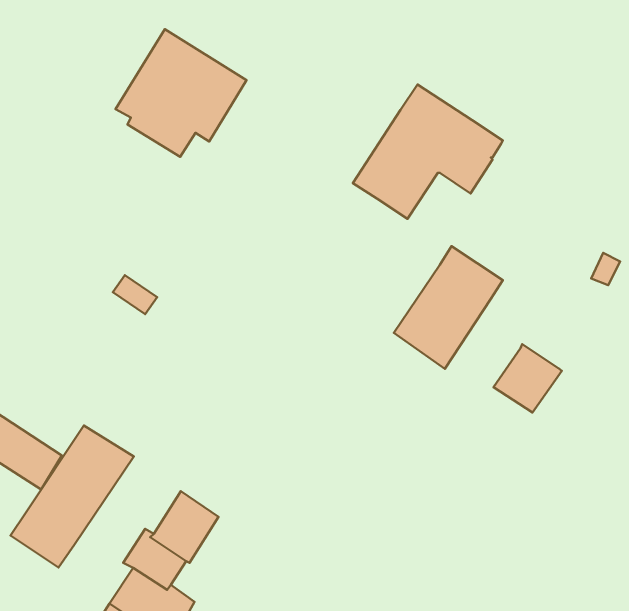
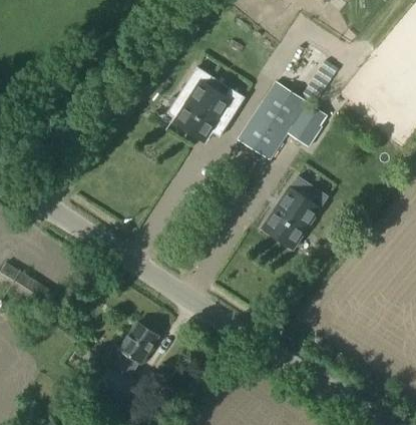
building: [116,29,247,157] -> [165,66,243,141]
building: [494,344,562,412] -> none
building: [10,425,134,568] -> none

